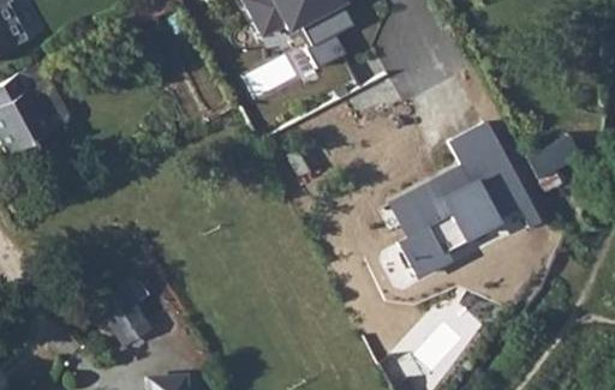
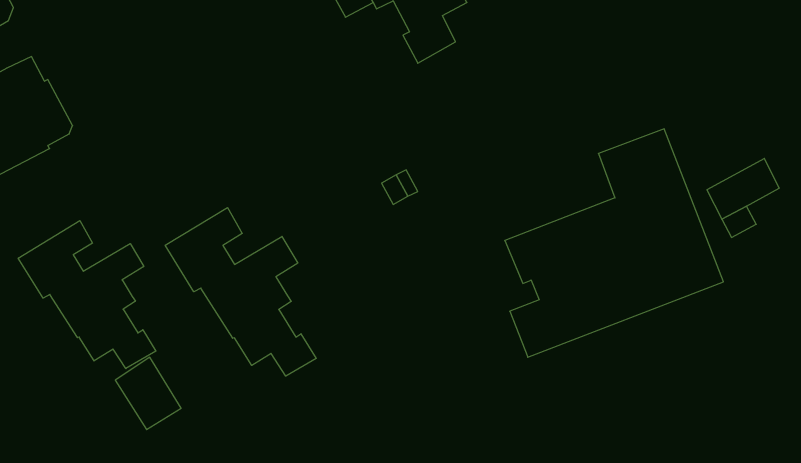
building: none -> [165,208,316,376]
building: none -> [18,221,156,369]

